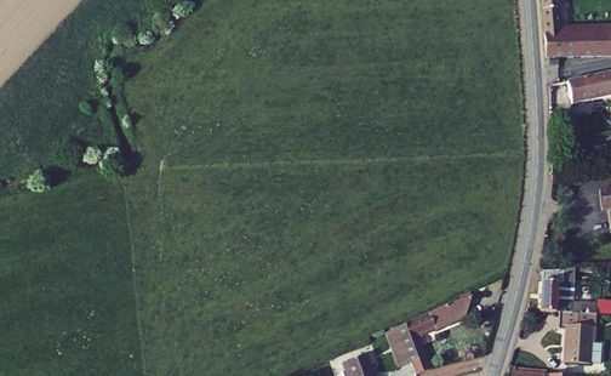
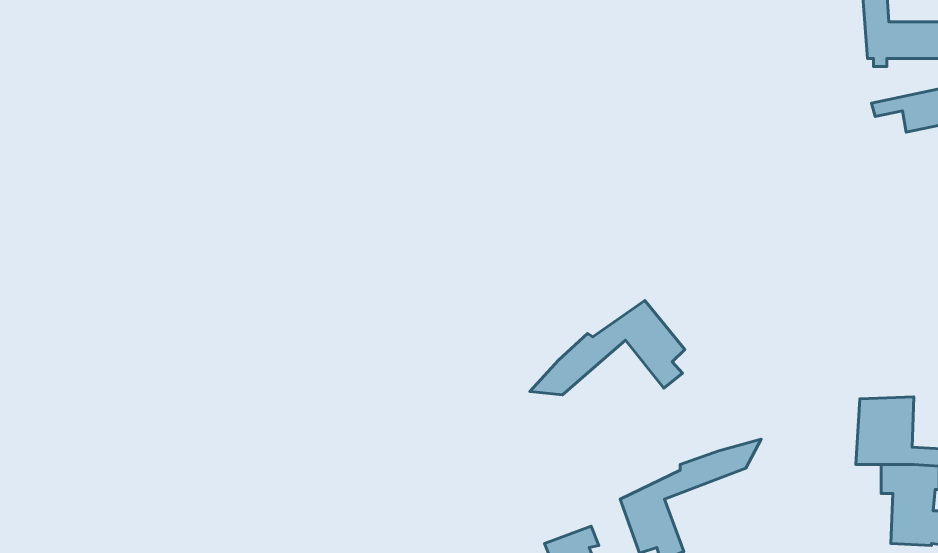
building: none -> [530,300,685,395]

